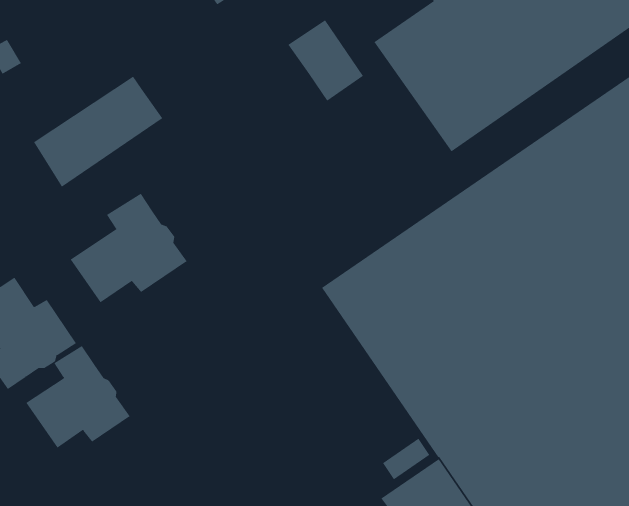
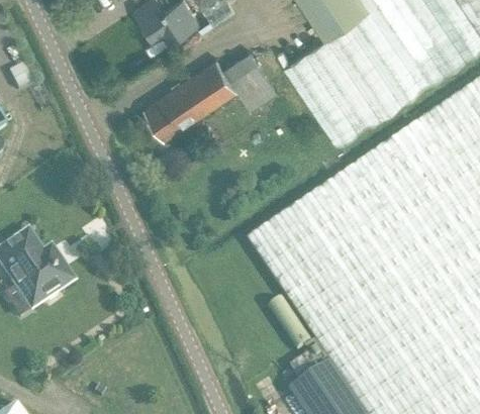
building: [33,76,163,187] -> [145,61,237,140]
building: [70,193,187,303] -> none
building: [25,345,131,448] -> none

